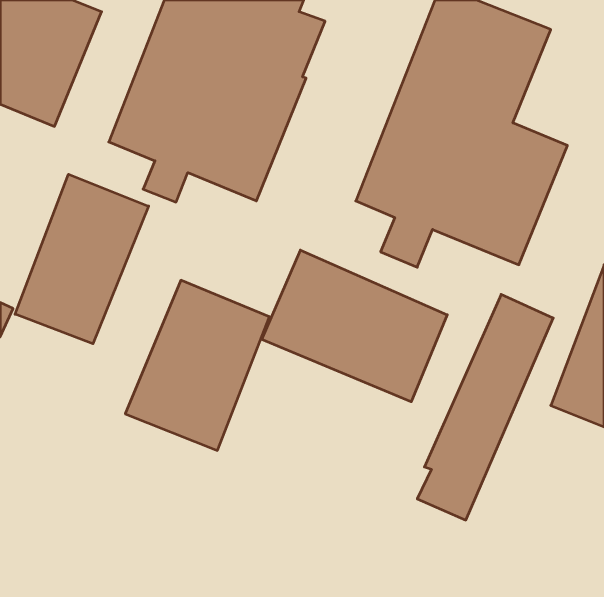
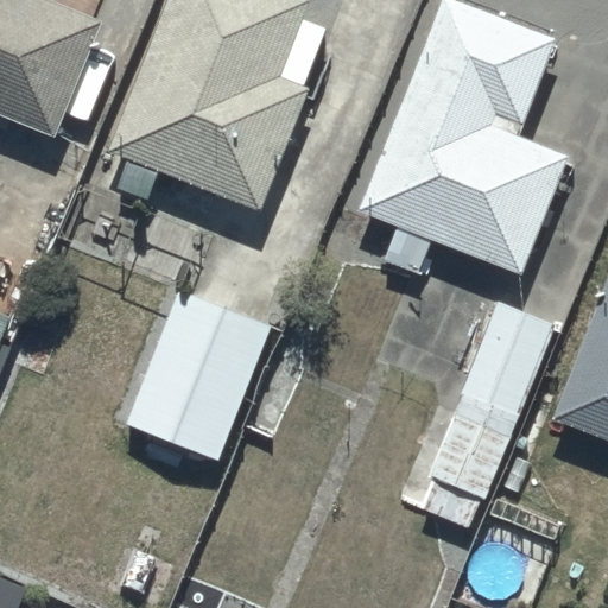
building: [15,174,149,344] -> none
building: [262,250,447,402] -> none

